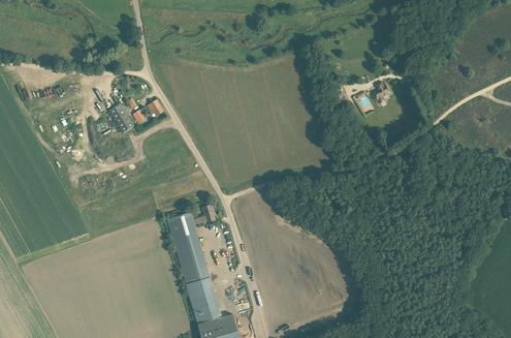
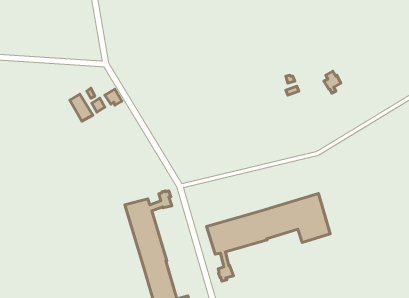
building: none -> [206,193,330,281]

